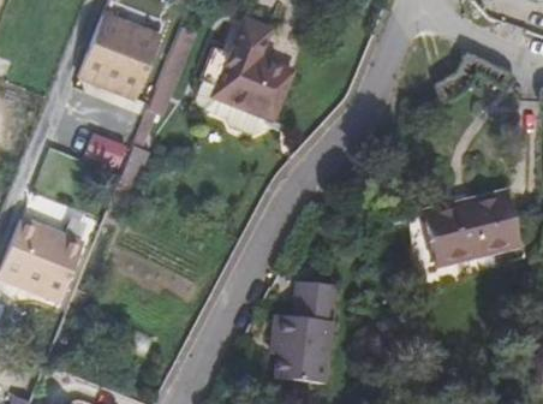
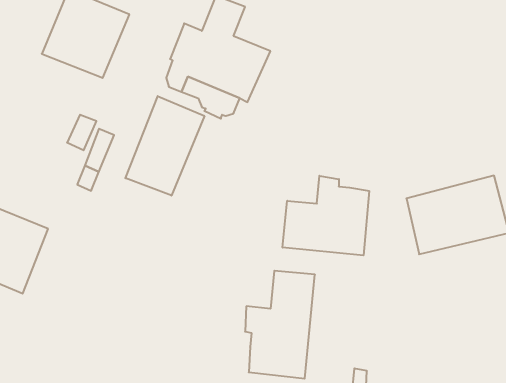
building: none -> [125,96,204,196]
building: none -> [283,176,369,255]

